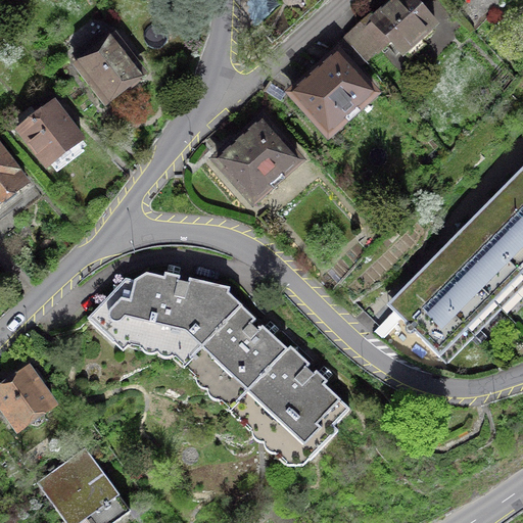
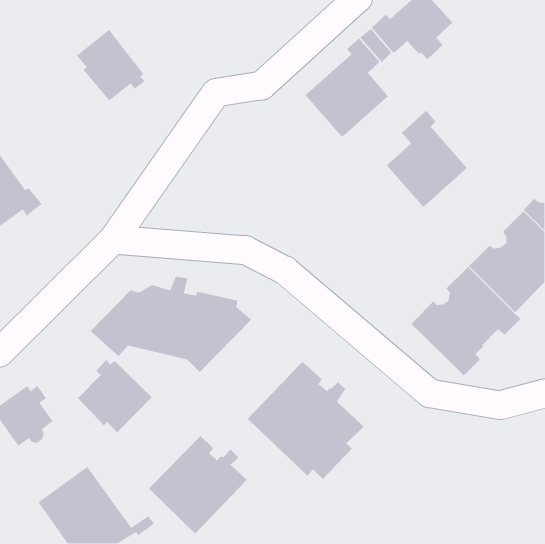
building: [17,102,80,164] -> none
building: none -> [386,110,468,208]
building: [216,118,297,199] -> none
building: [191,305,286,400] -> [148,435,248,534]
building: none -> [77,359,153,433]

